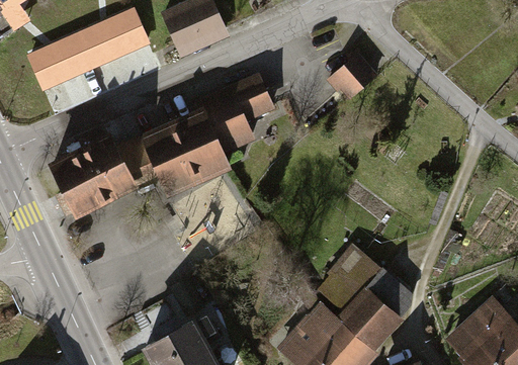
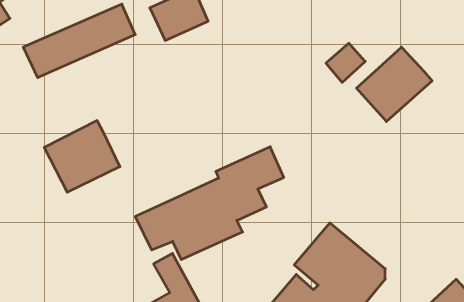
building: none -> [357,47,432,122]
building: [113,76,270,195] -> [135,147,284,260]

